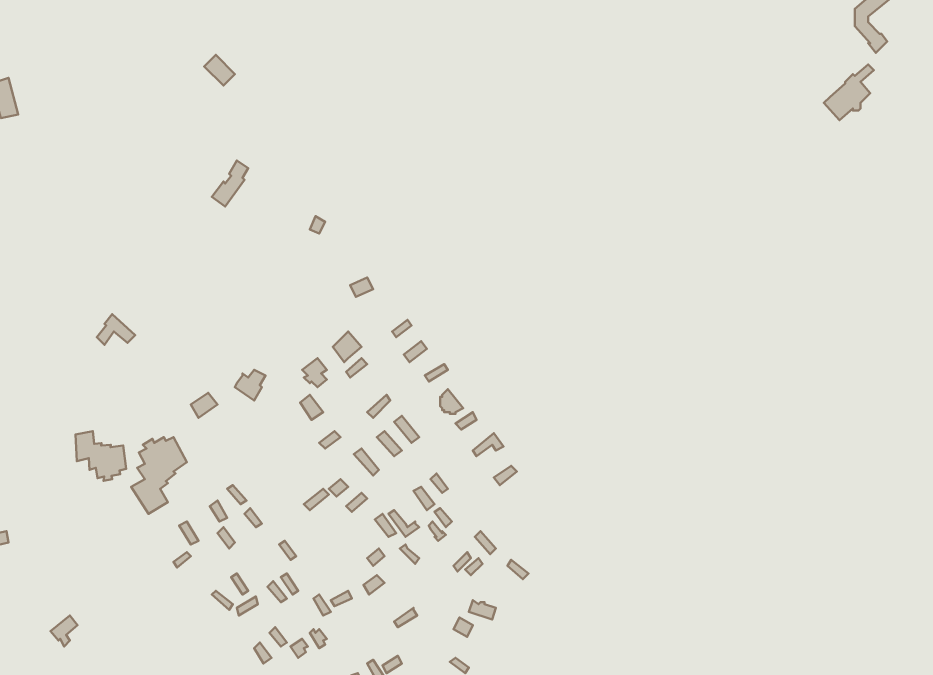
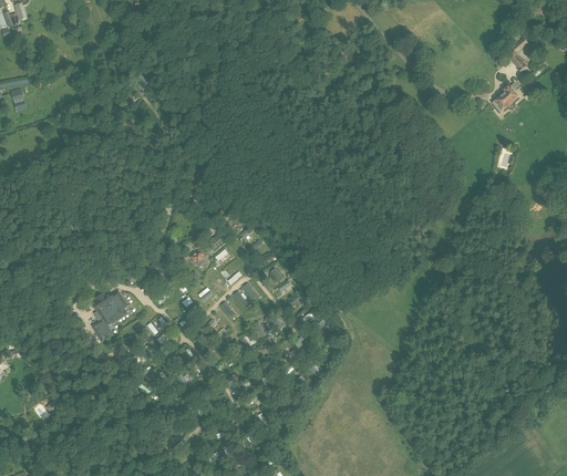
building: [75,431,126,481] -> none

